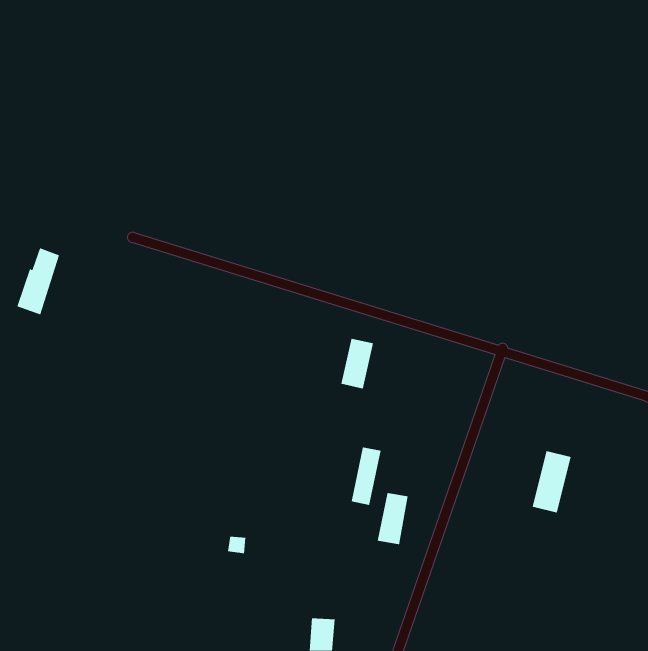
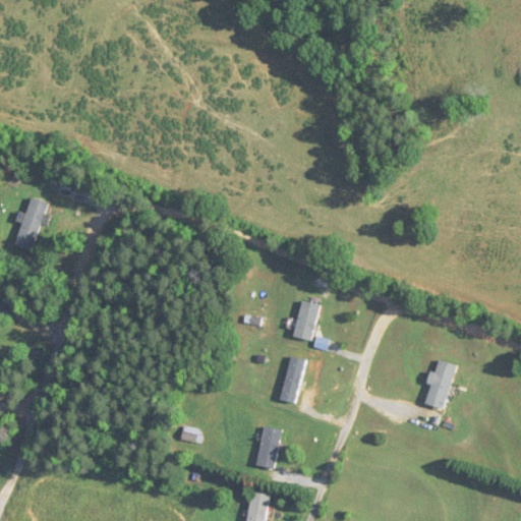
building: [341,338,374,389] -> [293,300,320,341]
building: [377,492,409,545] -> [255,426,281,468]

